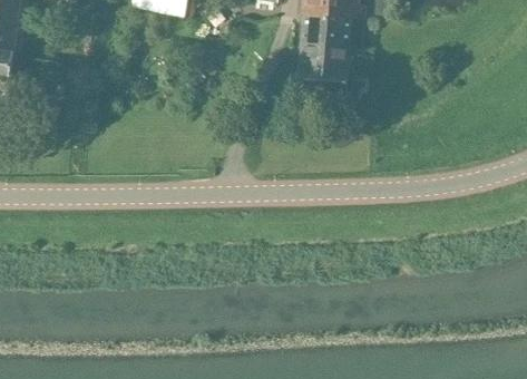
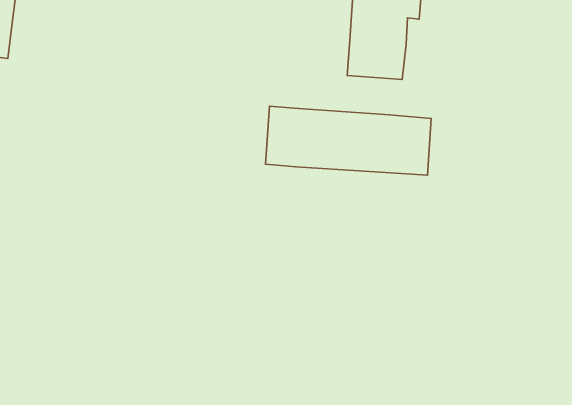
building: none -> [265,106,431,175]

